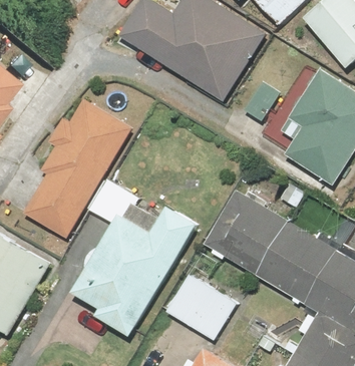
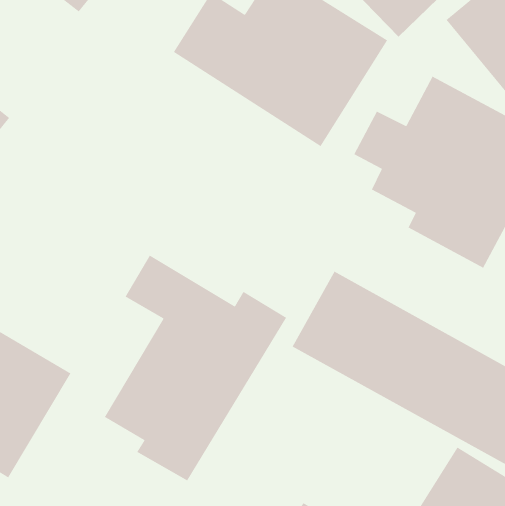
building: [15,98,133,245] -> none
building: [164,277,234,340] -> none

